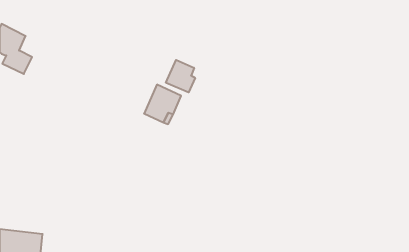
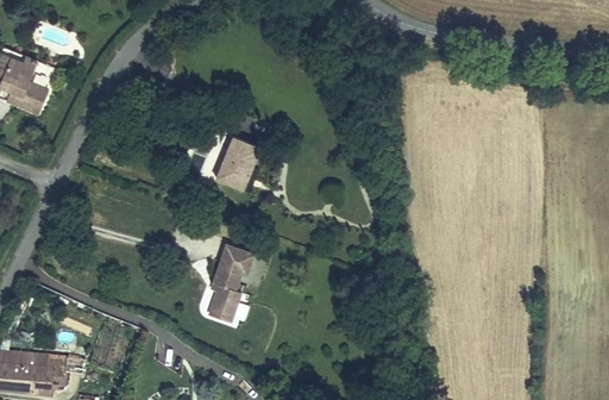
building: [166,60,195,92] -> none
building: none -> [208,240,251,319]

